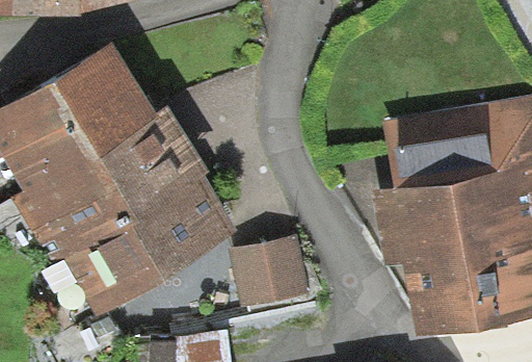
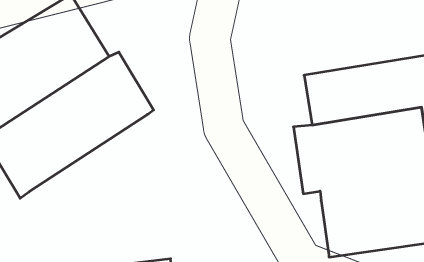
building: [63,167,237,313] -> none
building: [228,236,310,313] -> none

